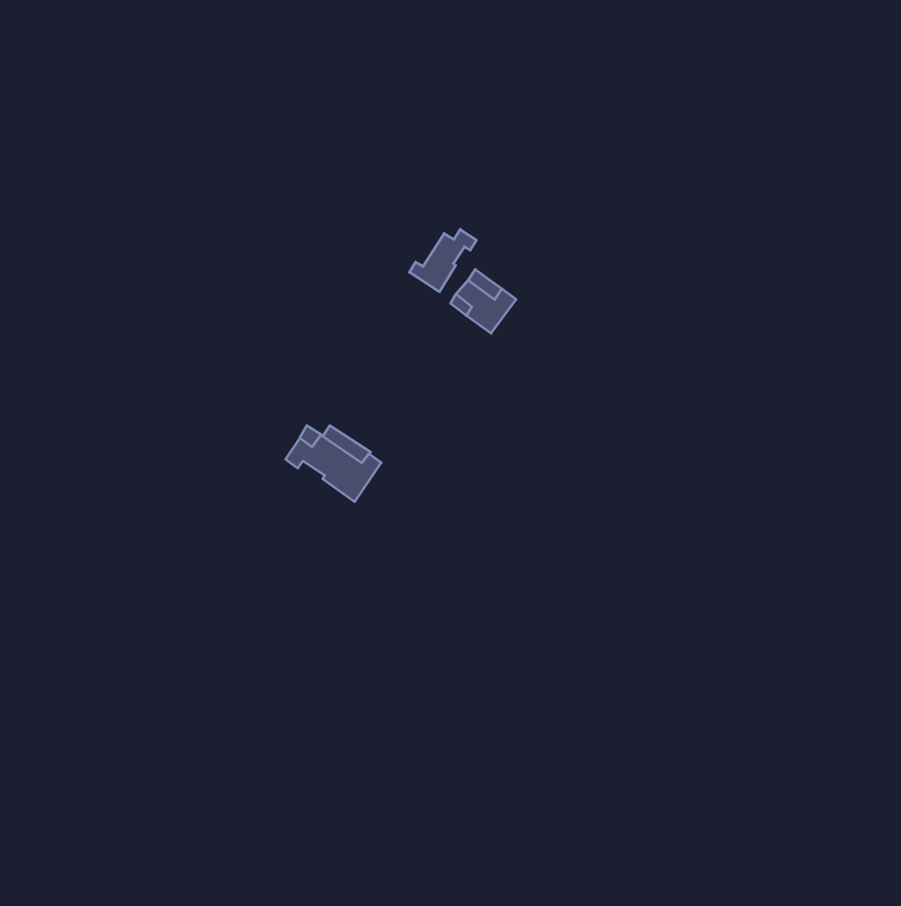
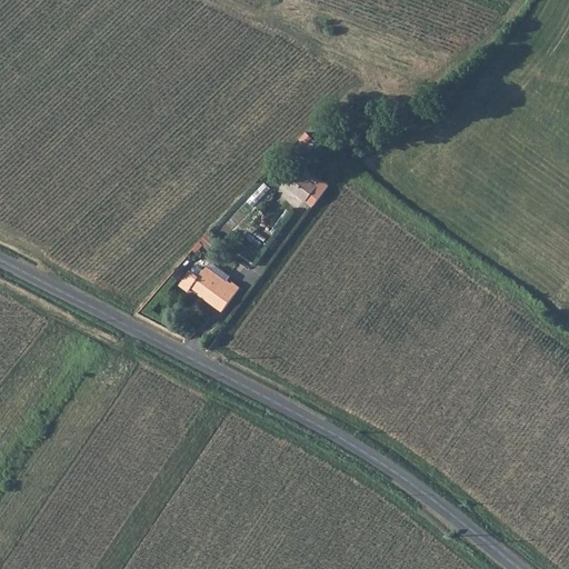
building: [409,229,476,292] -> none

